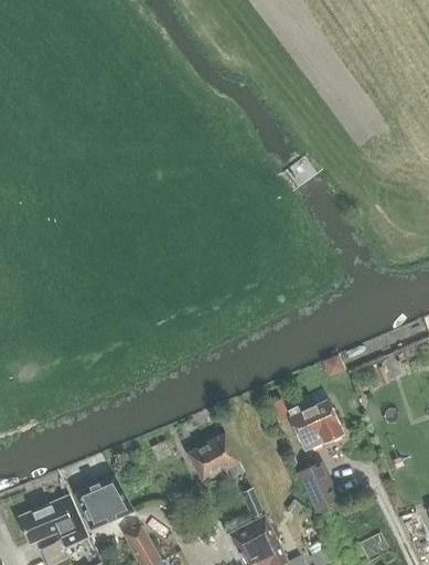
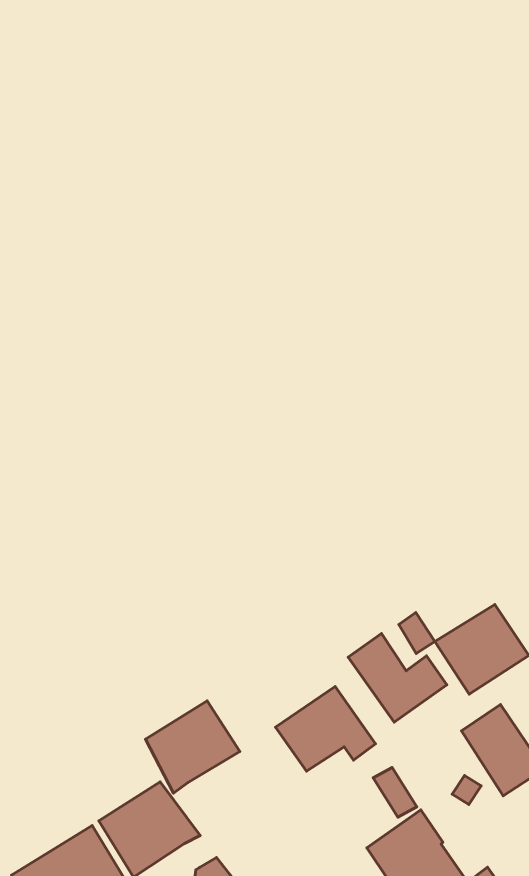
building: none -> [348,633,447,722]
building: none -> [146,701,240,793]

